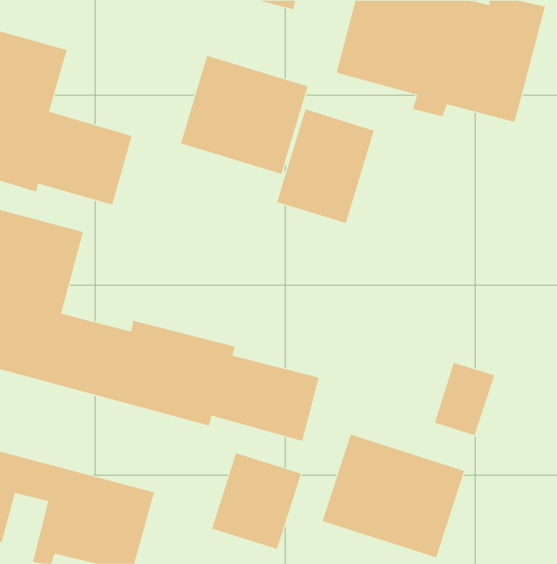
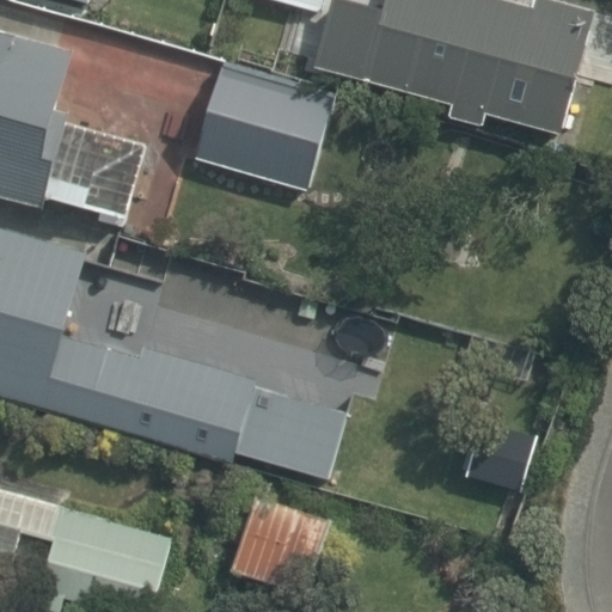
building: [276,109,375,224] -> none
building: [322,434,465,558] -> none

